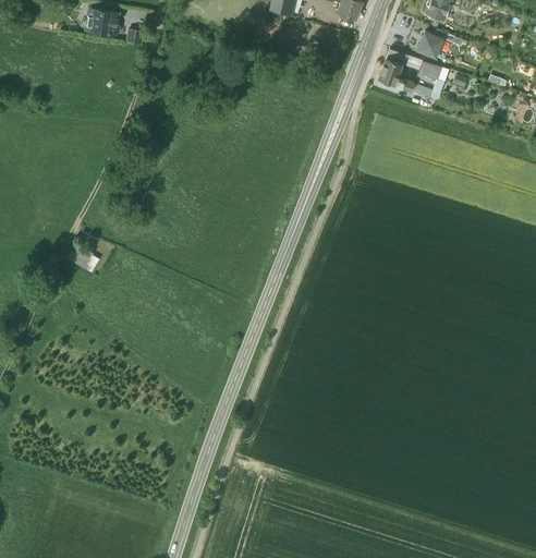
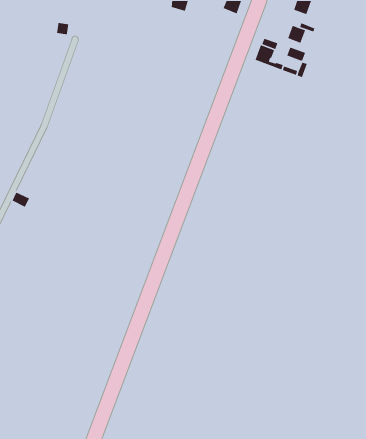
building: [85,8,118,35] -> none

